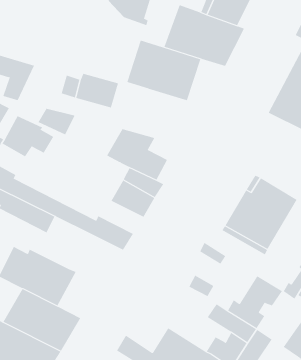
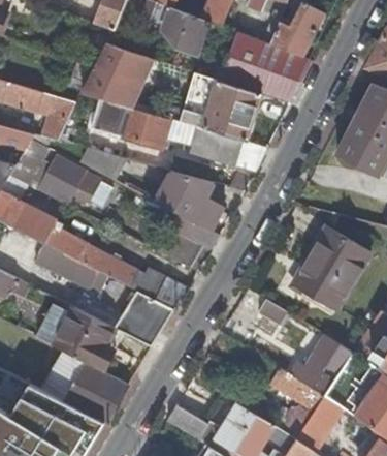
building: none -> [83,44,153,107]
building: none -> [191,126,243,166]
building: none -> [116,290,175,346]

